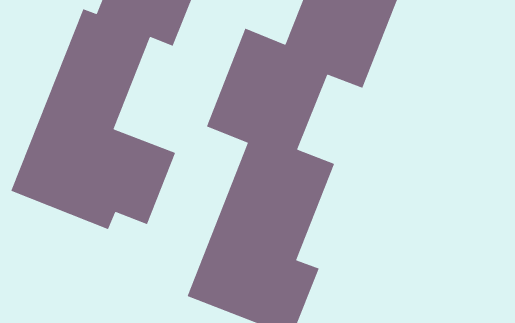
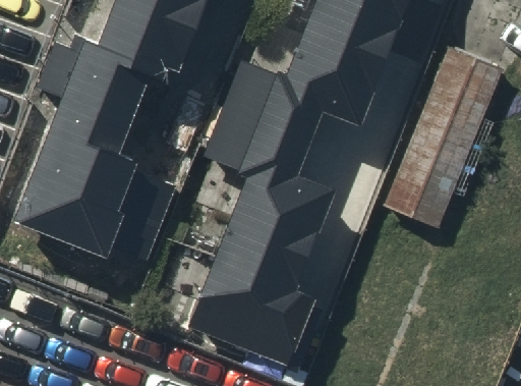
building: none -> [380,52,505,236]

